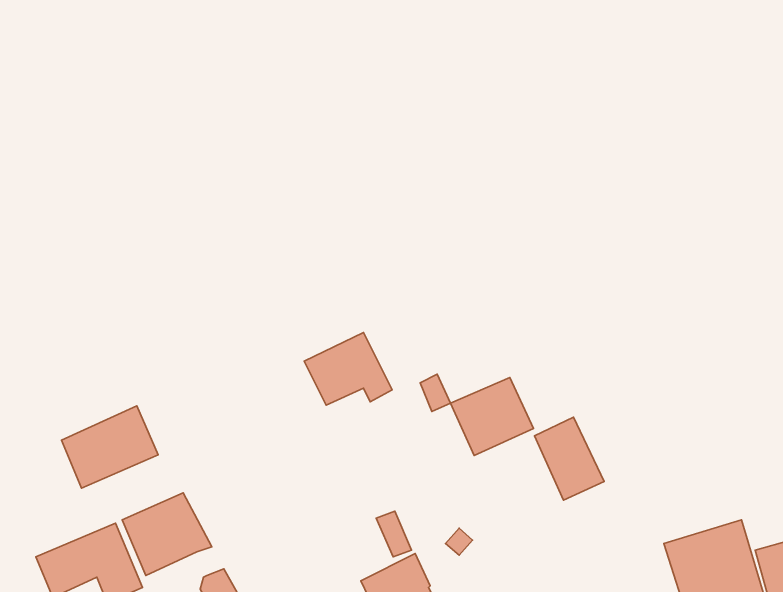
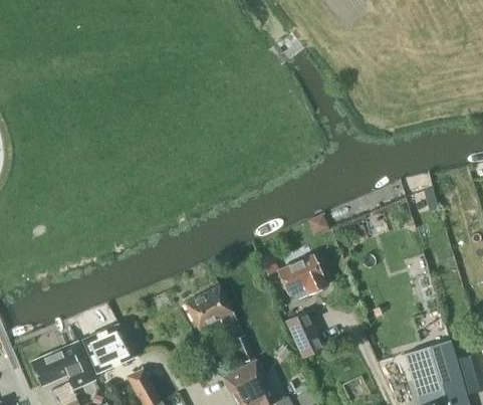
building: [304,332,392,405] -> [185,286,237,330]
building: [61,406,158,488] -> none
building: [535,417,604,500] -> [284,310,325,359]

